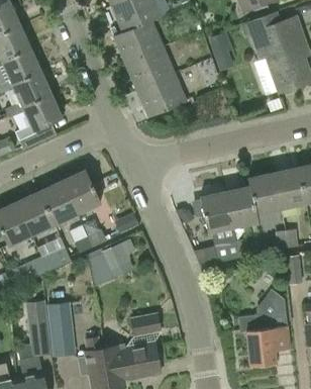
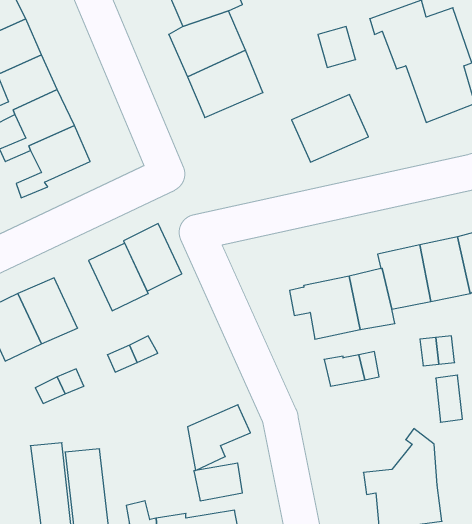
building: [136,74,186,117] -> [292,95,368,162]
building: [39,182,77,225] -> [124,224,182,291]
building: [89,245,129,287] -> [188,405,250,471]

